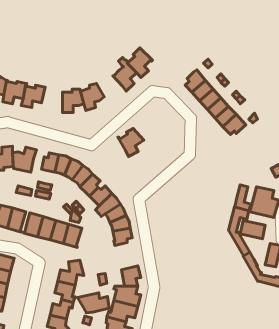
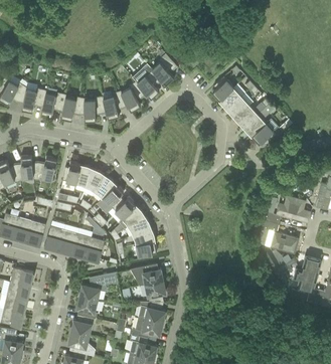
building: none -> [61,95,85,120]
building: [118,128,144,156] -> [120,81,147,111]
building: [77,293,109,313] -> [130,264,163,286]

